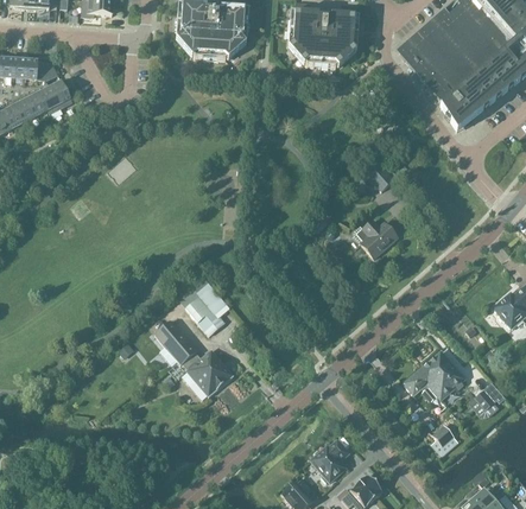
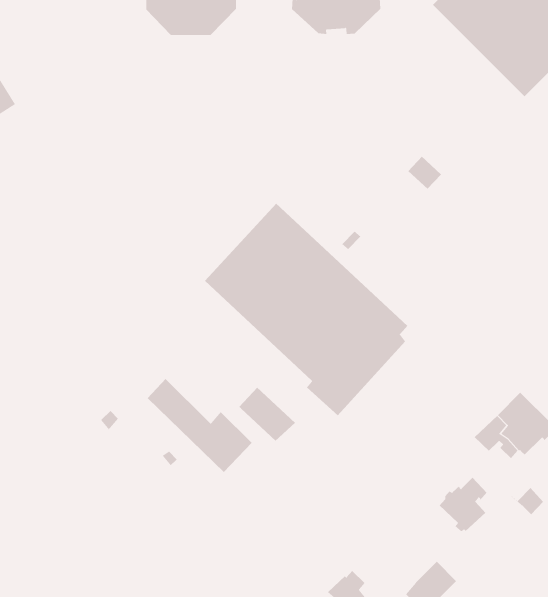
building: none -> [204,203,408,416]
building: [354,218,398,257] -> none
building: [183,292,226,335] -> [239,387,296,441]
building: [311,439,349,481] -> [439,477,488,532]

